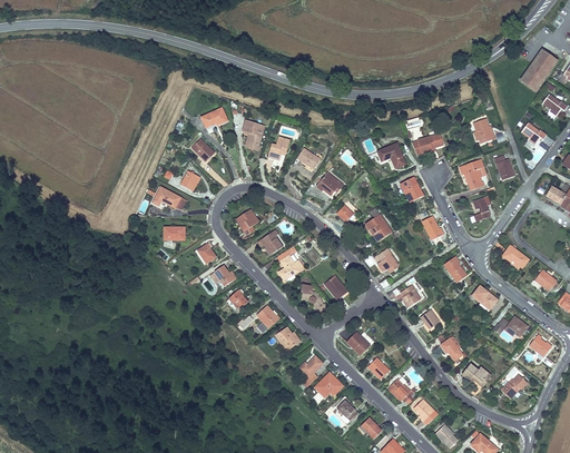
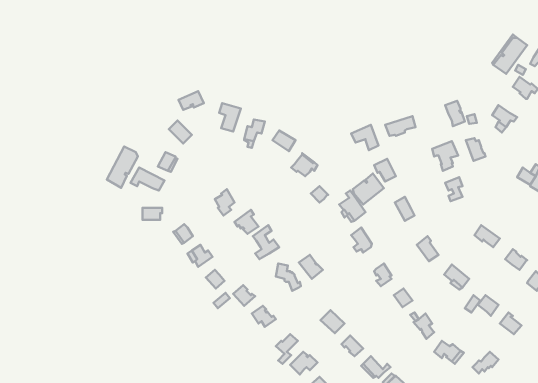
building: none -> [107,147,138,188]
building: none -> [353,173,384,205]

